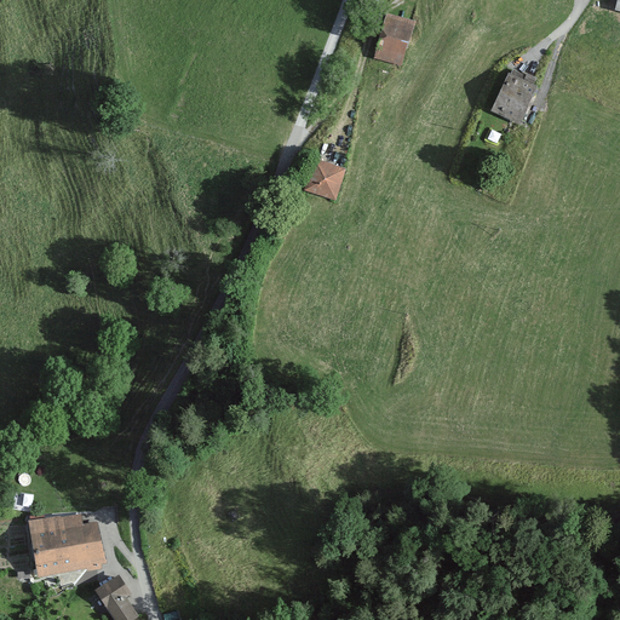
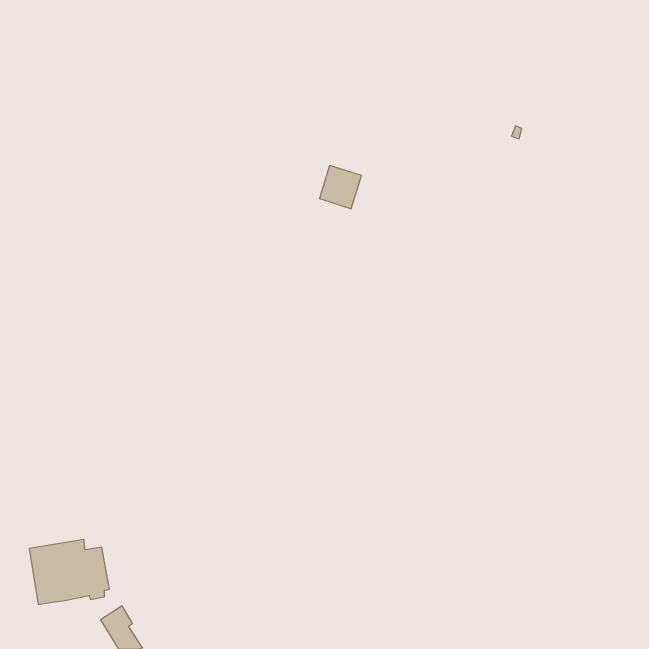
building: [375,13,415,65] -> none
building: [489,73,539,124] -> none

